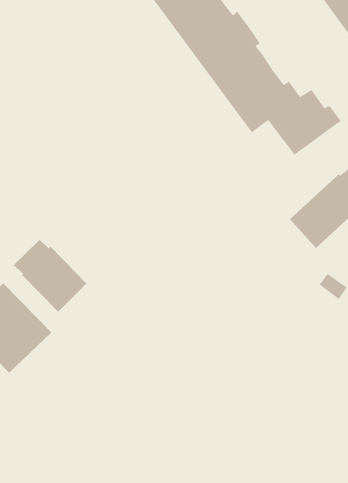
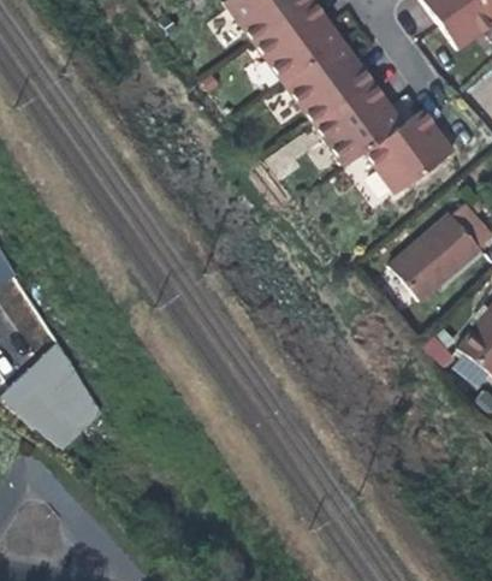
building: [13,239,87,313] -> none

